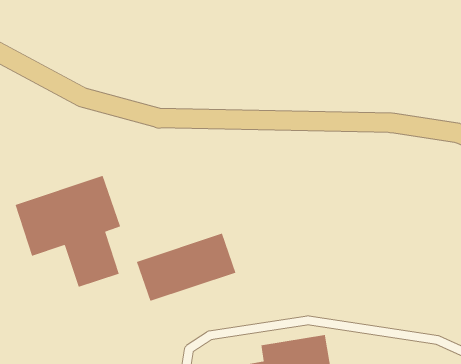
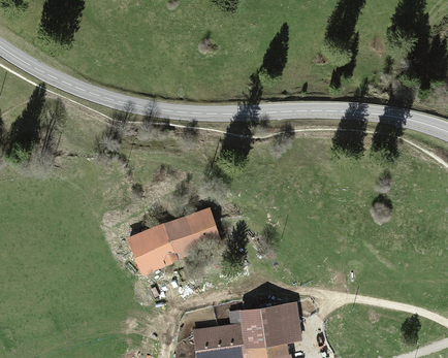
building: [14,175,121,288] -> none

